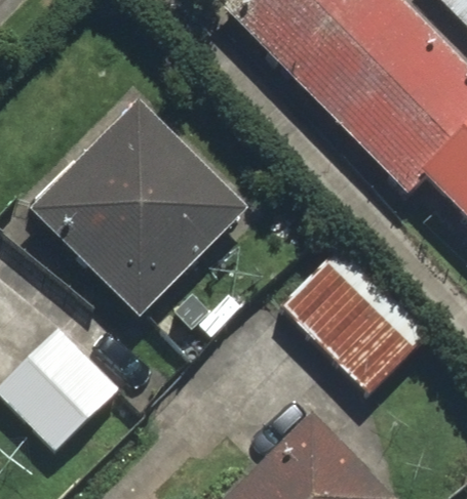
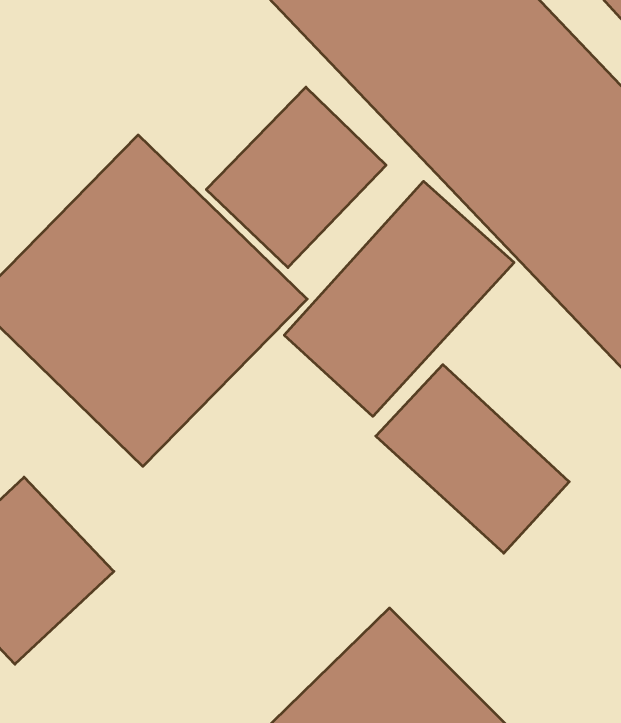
building: none -> [206,87,386,268]
building: none -> [284,181,514,416]

